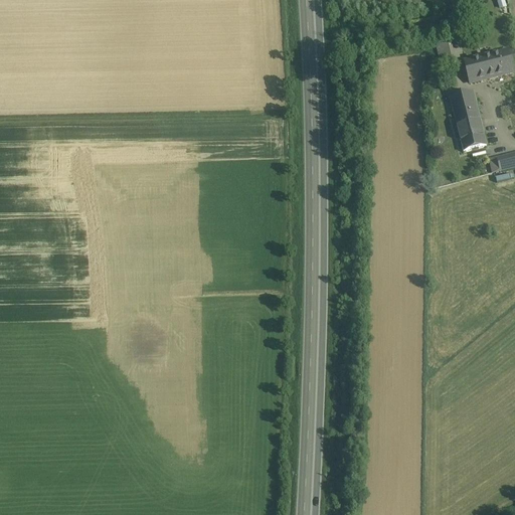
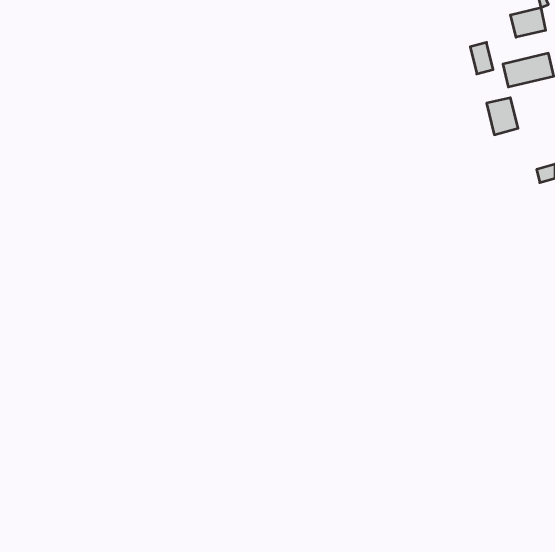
building: none -> [510,8,546,37]
building: [458,119,487,150] -> none

